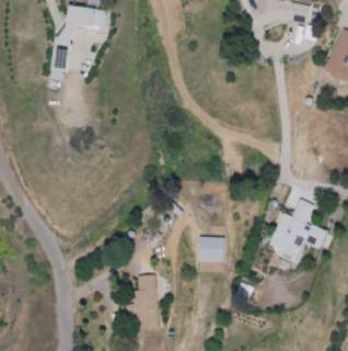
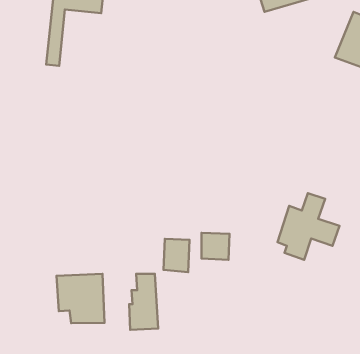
building: none -> [163,239,189,272]
building: none -> [56,274,105,323]

